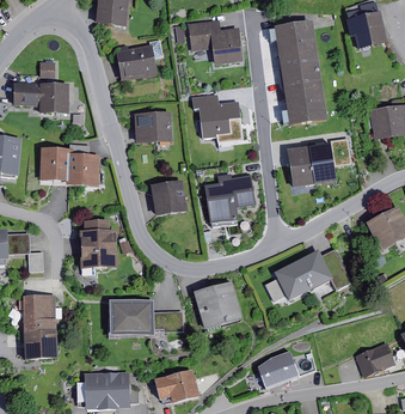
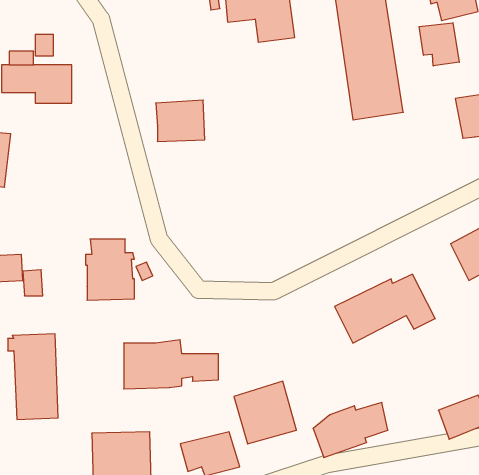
building: [115,38,162,81] -> none
building: none -> [419,23,459,66]
building: [191,93,240,139] -> none
building: [38,142,98,187] -> none
building: [286,142,336,188] -> none
building: [204,173,256,224] -> none
building: [149,181,186,217] -> none
building: [192,281,241,330] -> [234,381,296,444]

